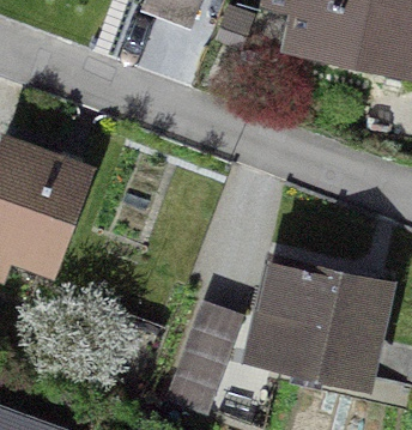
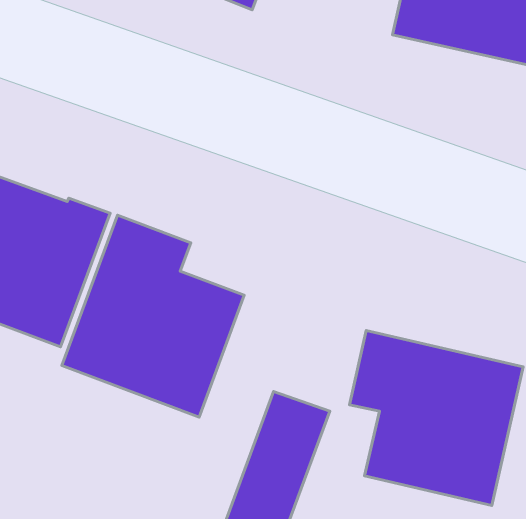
building: none -> [62,215,244,417]

